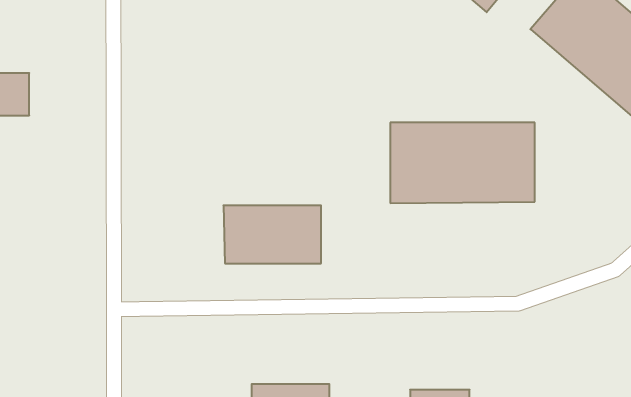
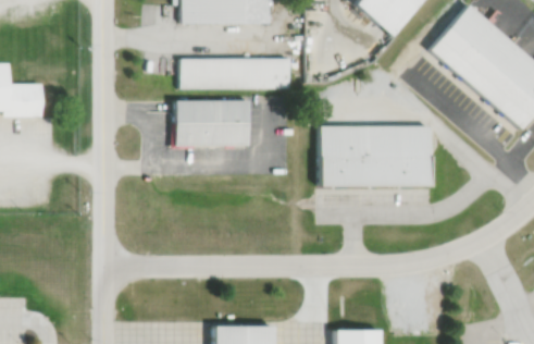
building: none -> [181,60,293,89]
building: [223,205,321,263] -> [174,98,249,143]

